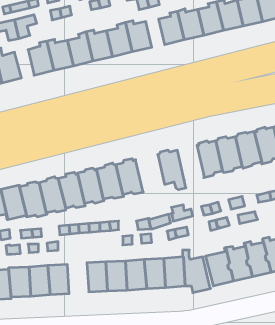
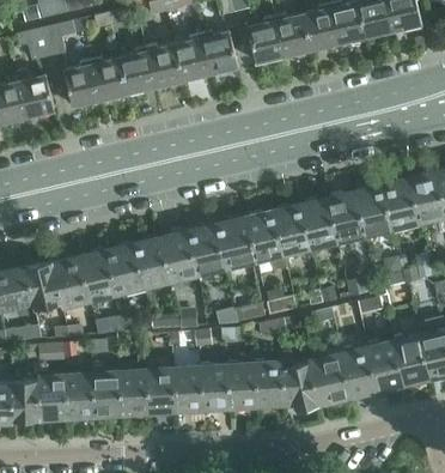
building: none -> [274,205,311,256]
building: none -> [215,218,252,267]
building: none -> [120,370,150,413]

